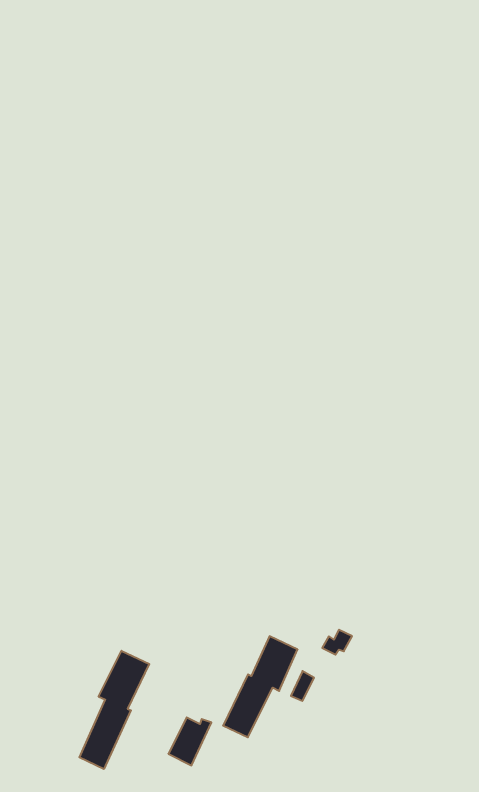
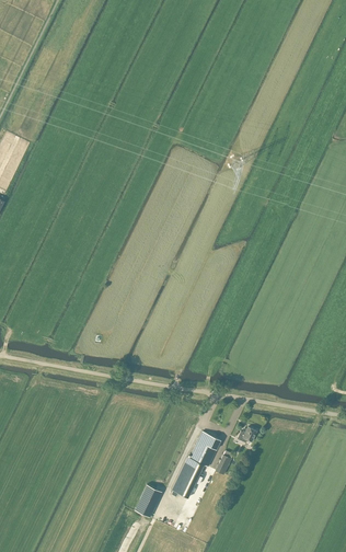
building: [79,651,149,769] -> none

